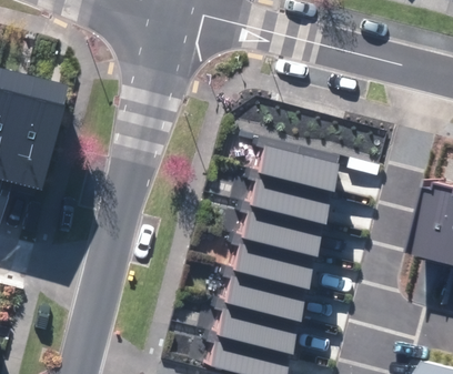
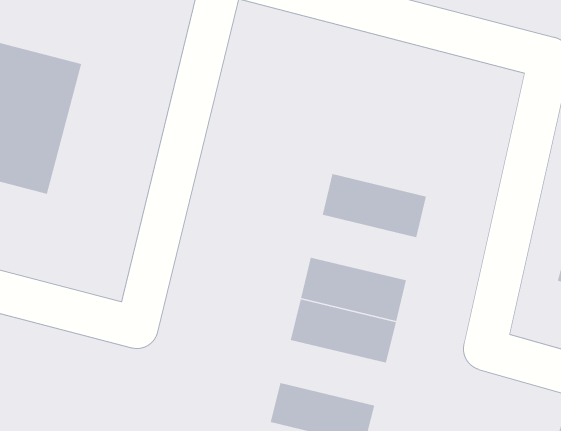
building: [256,138,338,188] -> none
building: [240,202,322,252] -> none
building: [217,299,299,348] -> none

